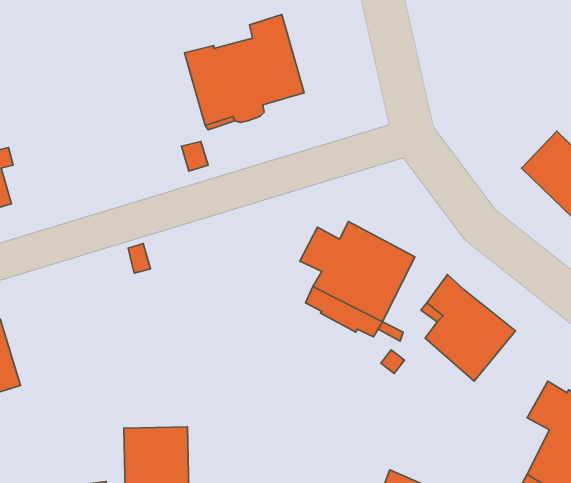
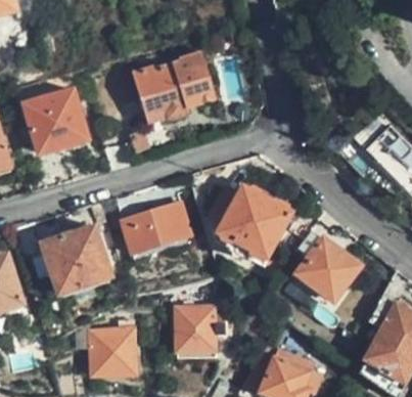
building: none -> [21,88,85,151]
building: none -> [125,204,191,253]
building: none -> [40,224,106,292]
building: none -> [177,309,225,353]

